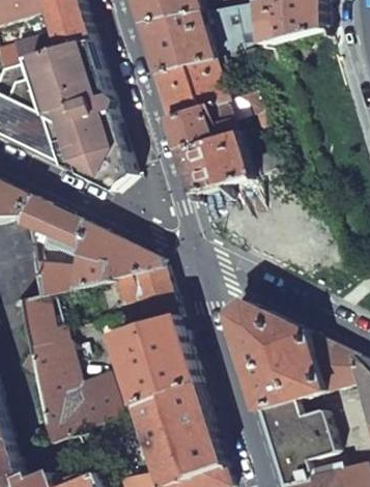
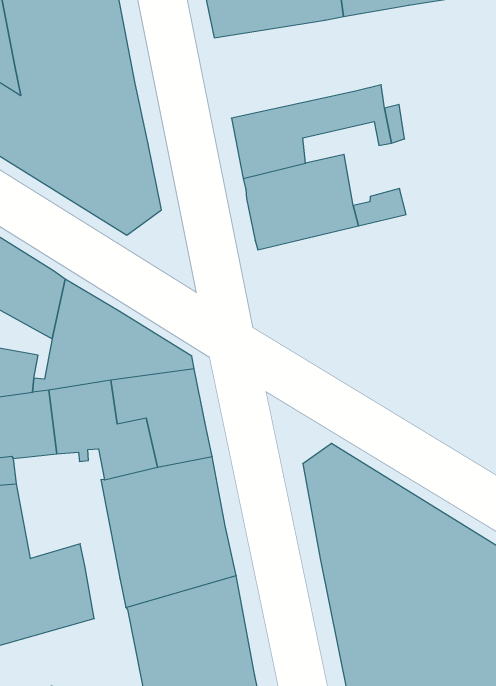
building: [149,56,234,118] -> none

